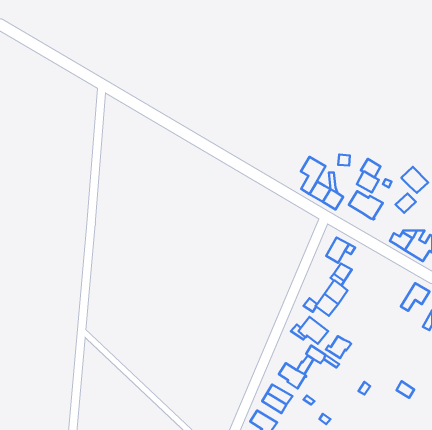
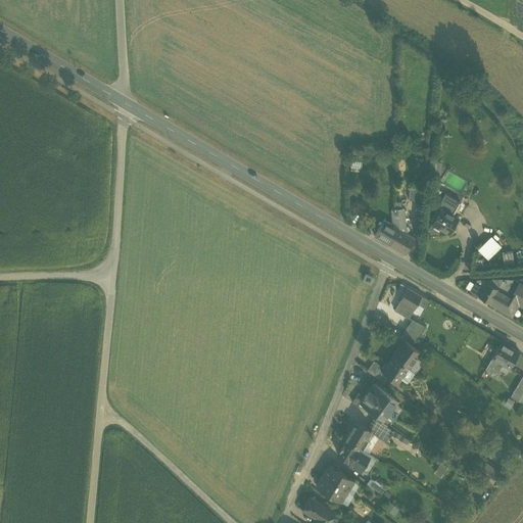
building: [301,157,325,194] -> none
building: [401,167,428,193] -> none
building: [349,191,383,219] -> none
building: [326,336,351,358] -> [341,423,372,449]

